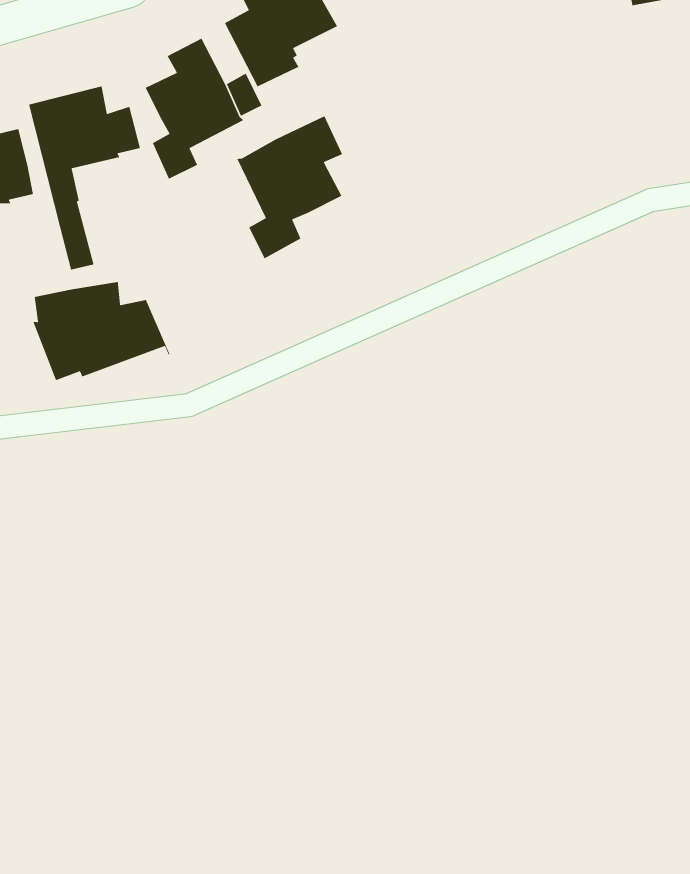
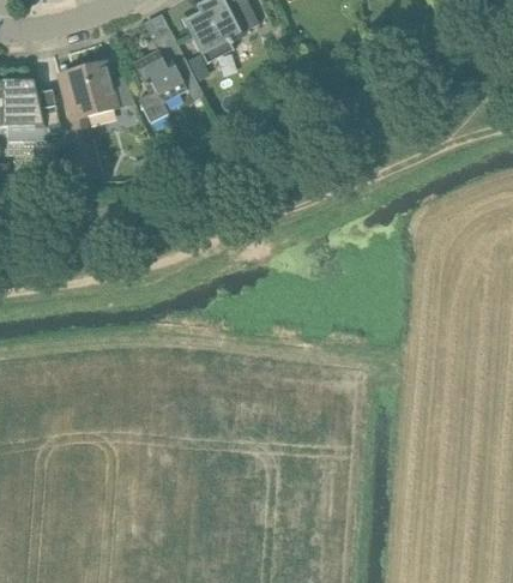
building: [236,115,343,260] -> none
building: [32,281,170,381] -> none

